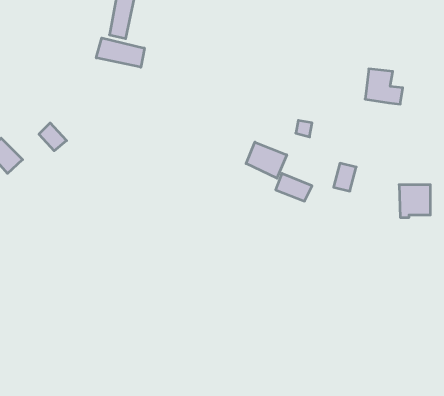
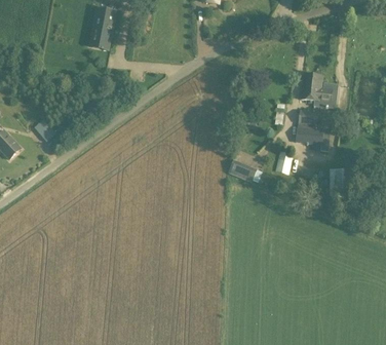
building: [96,38,144,67] -> none
building: none -> [296,110,330,152]
building: [246,142,287,178] -> none

